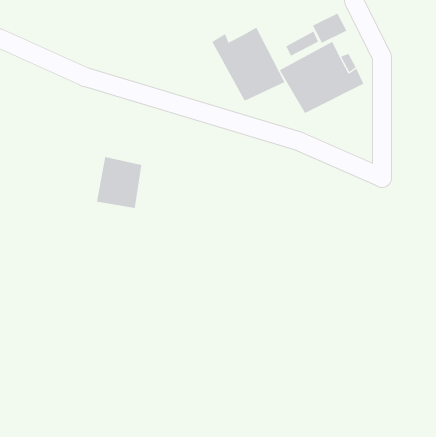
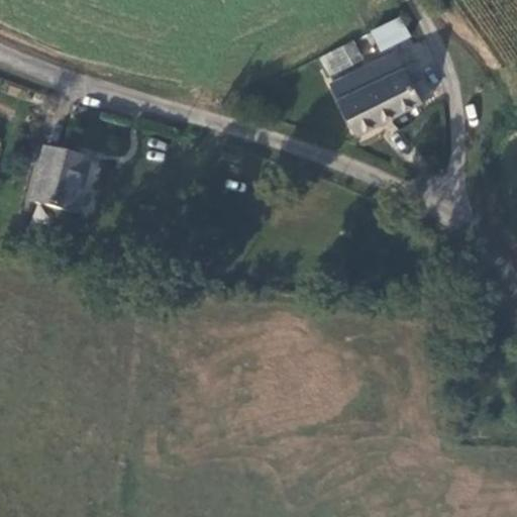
building: [211,27,285,101] -> none
building: [96,156,142,209] -> [31,147,86,209]

